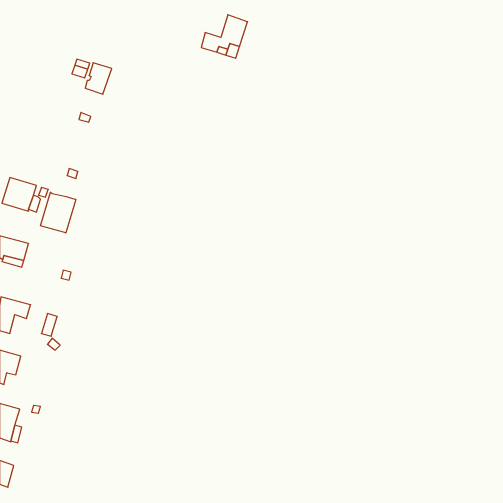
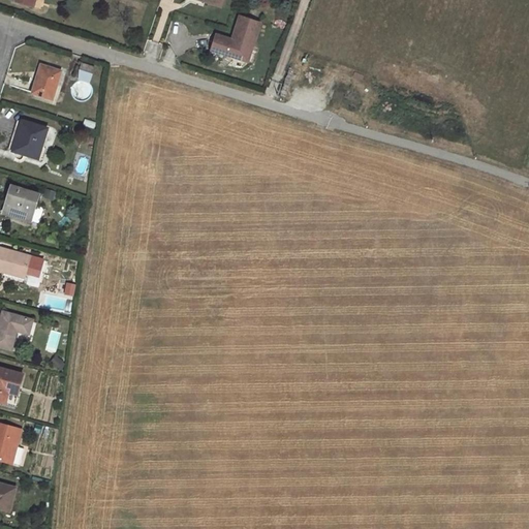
building: [85,63,112,94] -> [32,65,60,98]
building: none -> [12,121,46,158]
building: [40,192,76,233] -> none

